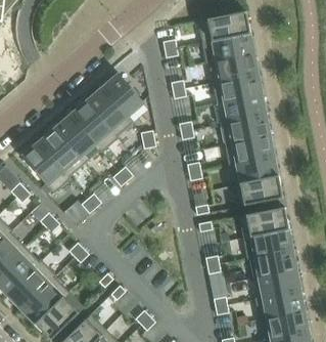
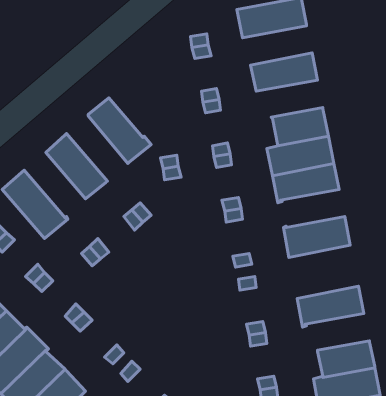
building: [201,32,253,62] -> none
building: [101,72,144,116] -> none
building: [212,73,262,103] -> none
building: [69,99,119,152] -> none
building: [38,127,84,176] -> none
building: [230,155,278,183] -> none
building: [238,206,288,237] -> none
building: [248,248,296,277] -> none

